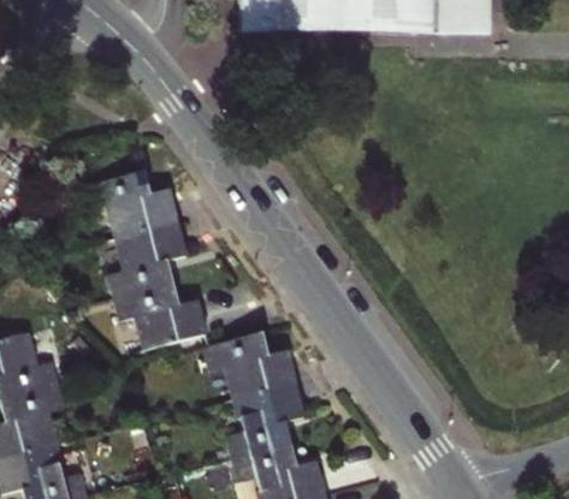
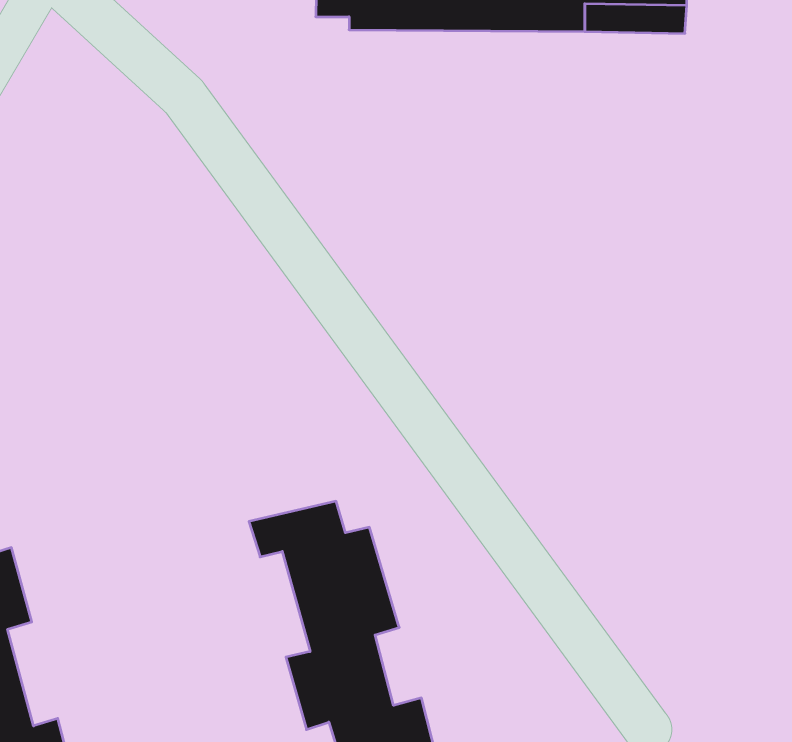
building: [89,170,205,347] -> none

